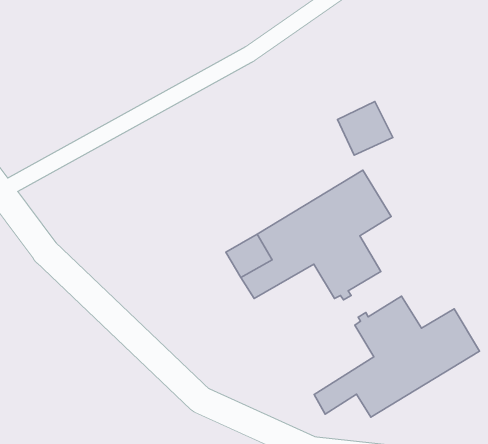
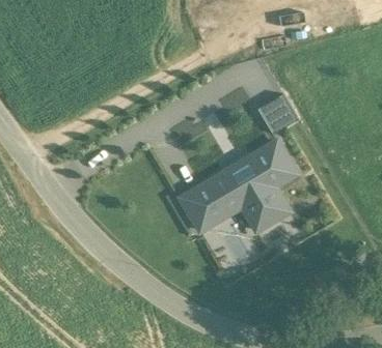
building: [314,296,479,417] -> none

